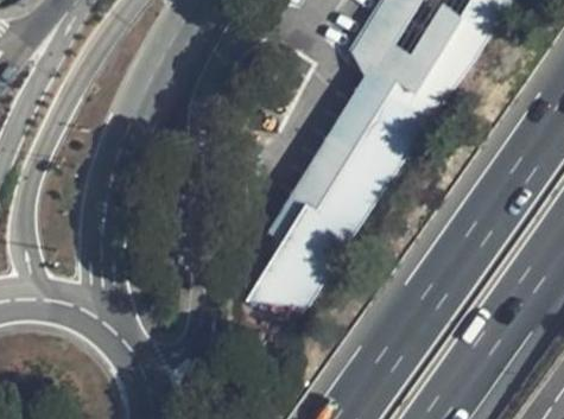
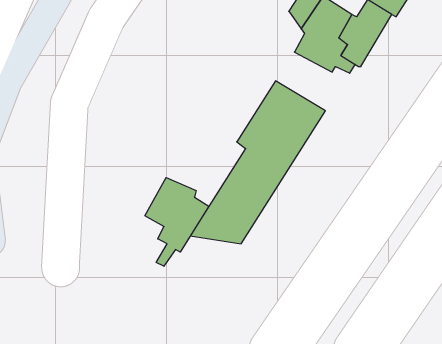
building: [336,99,416,161] -> none
building: none -> [145,178,209,266]

